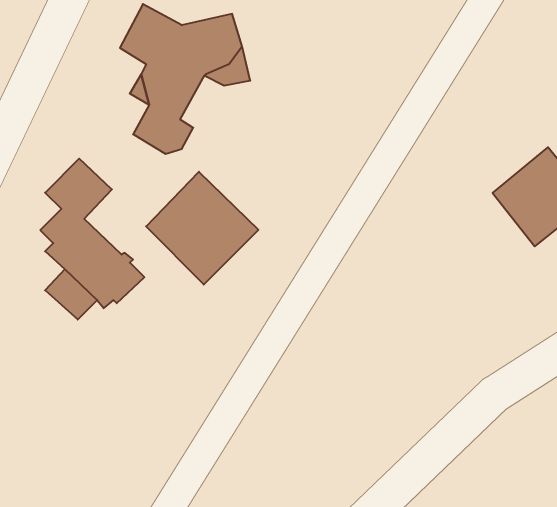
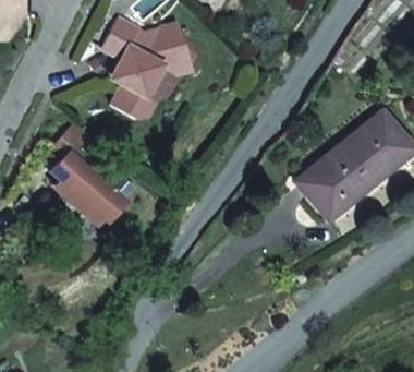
building: [146,172,258,285] -> none
building: none -> [303,143,380,218]

